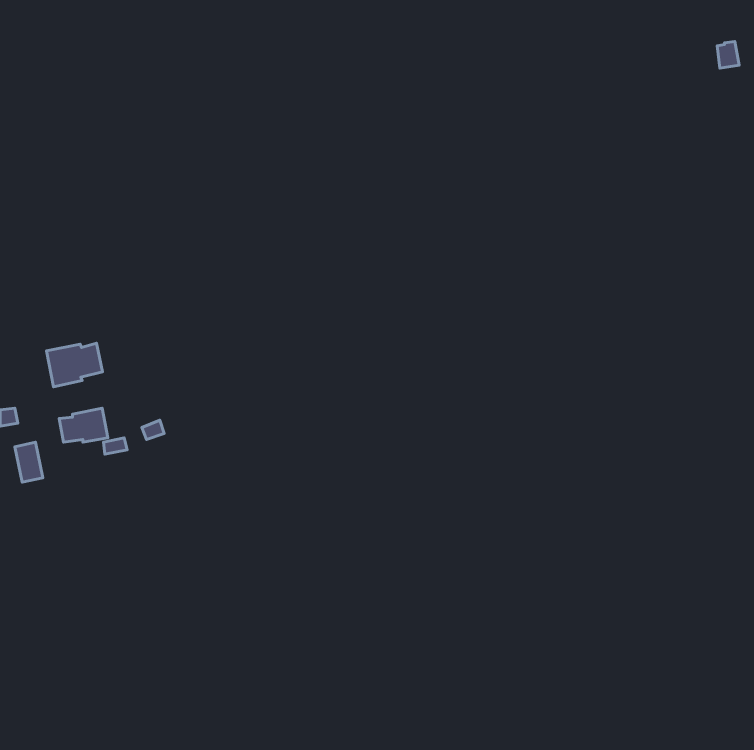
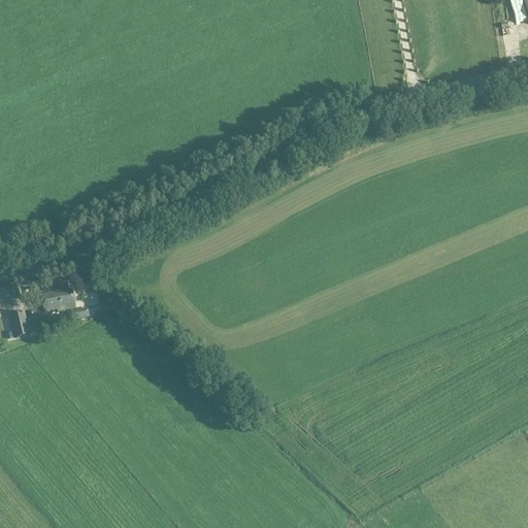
building: [46,343,102,387] -> none

